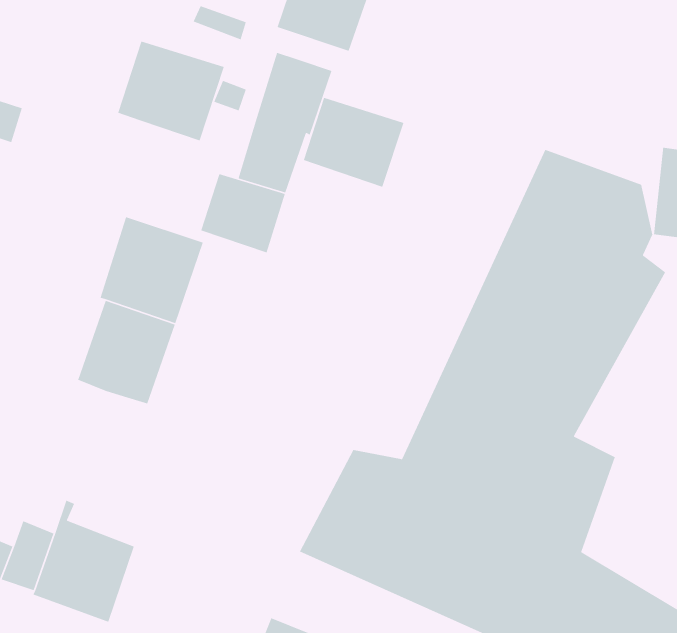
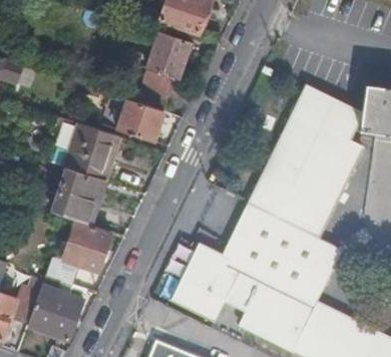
building: [117,40,225,142] -> none
building: [303,97,405,188] -> none
building: none -> [46,217,111,284]

